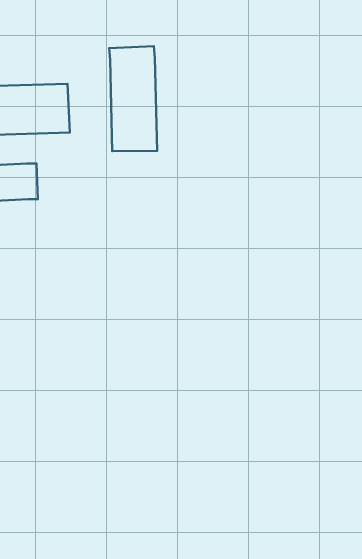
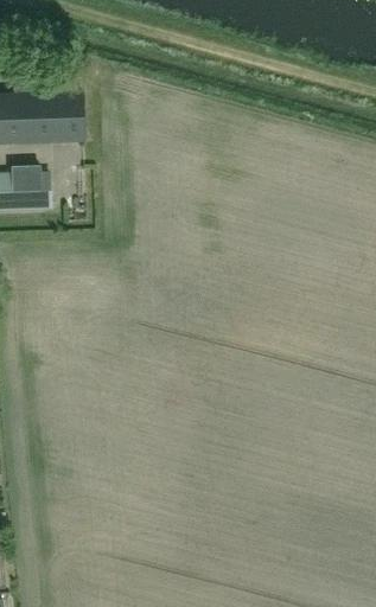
building: [109,46,157,151] -> none

